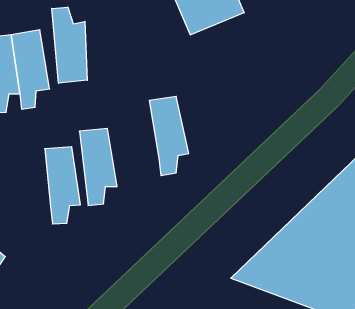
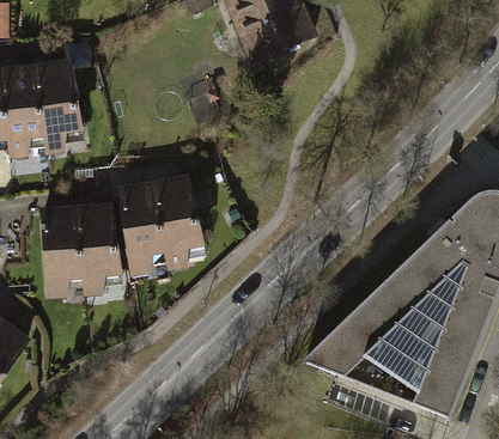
building: [52,7,87,83] -> none
building: [149,96,189,176] -> [150,173,199,272]
building: none -> [37,203,79,298]

